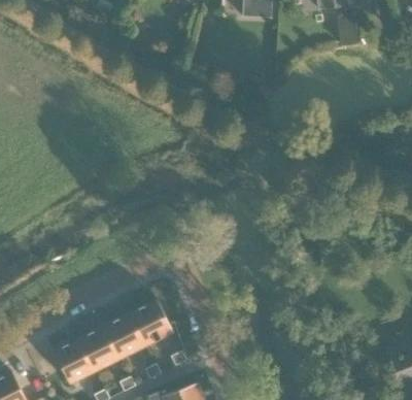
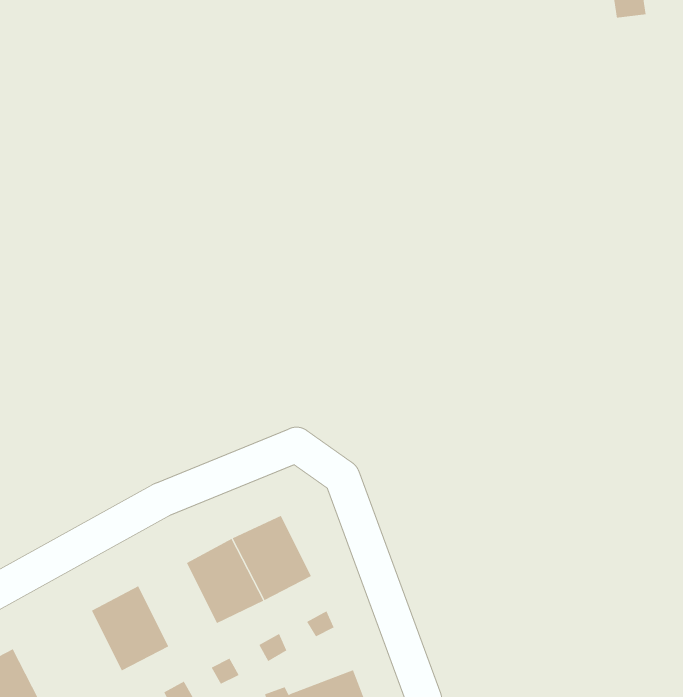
building: [80,325,123,370] -> none

